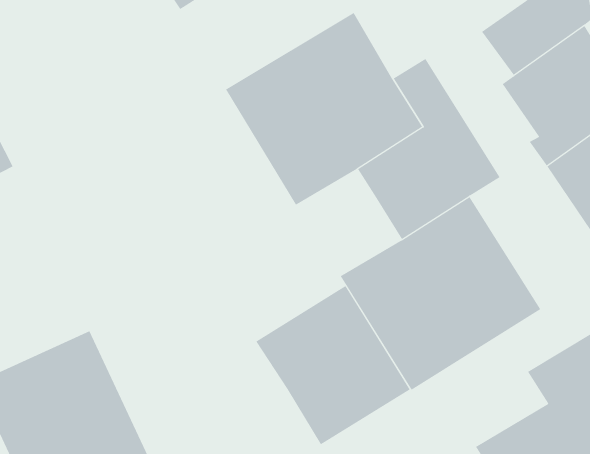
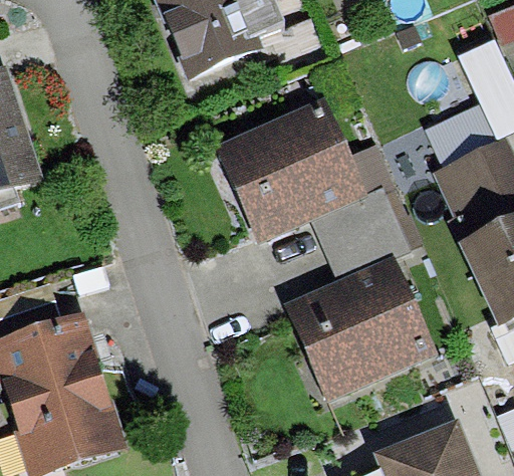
building: [255,285,410,445] -> none

